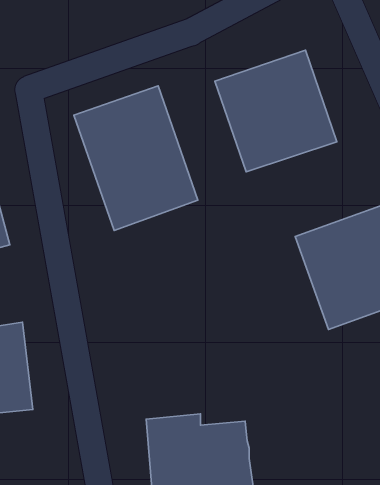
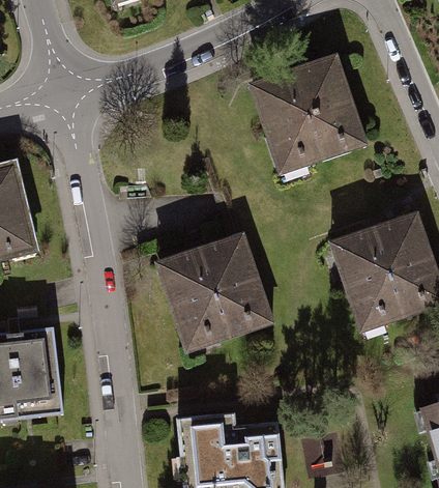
building: [74,86,198,231] -> none
building: none -> [151,230,273,356]

